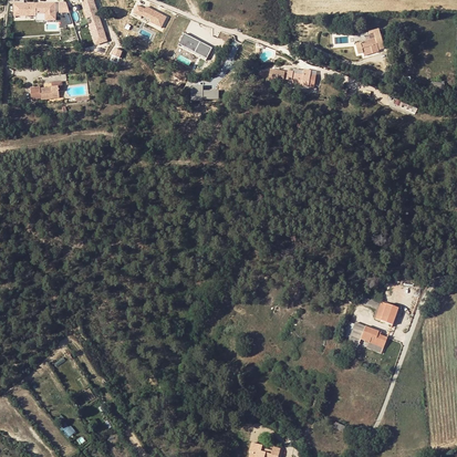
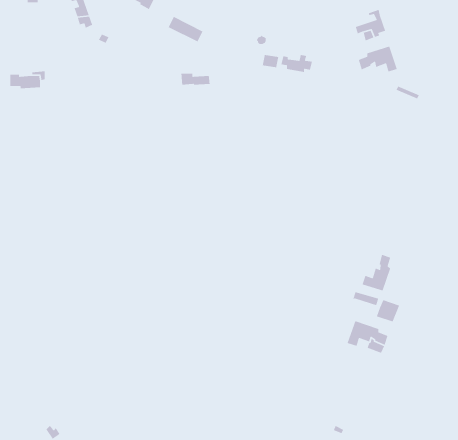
building: none -> [358,45,398,73]
building: none -> [361,254,391,292]

